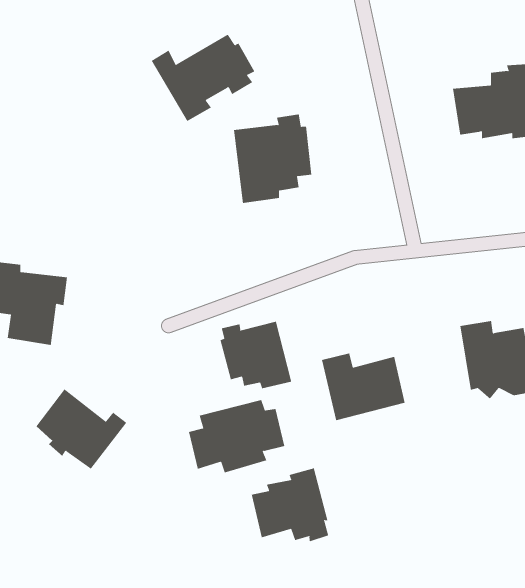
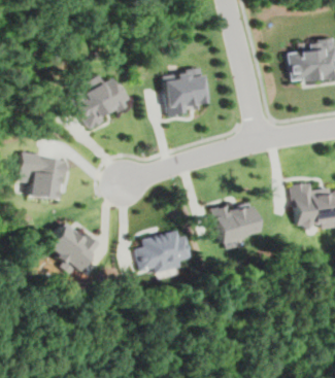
building: [151,34,255,122] -> [69,77,129,128]
building: [220,321,292,389] -> none
building: [251,468,329,542] -> none

